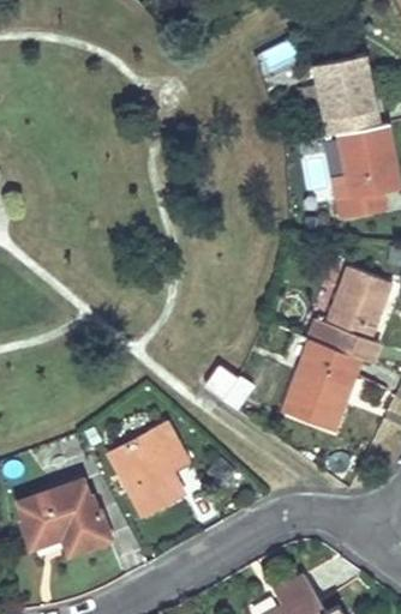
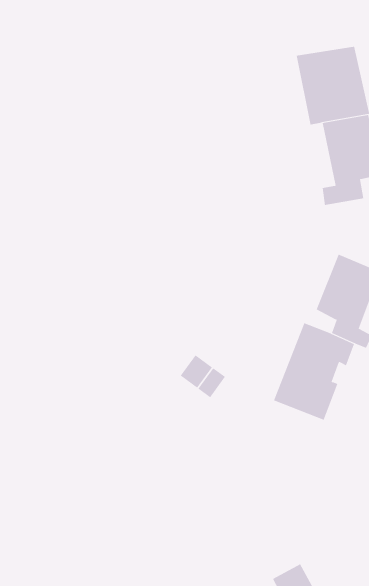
building: [97,428,176,522] -> none
building: [29,477,119,553] -> none

